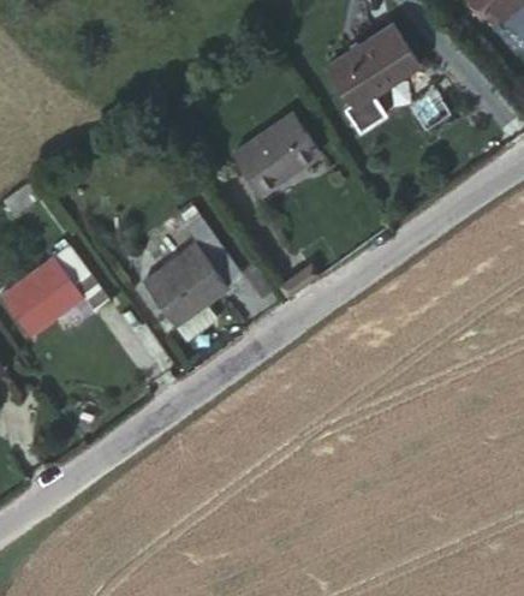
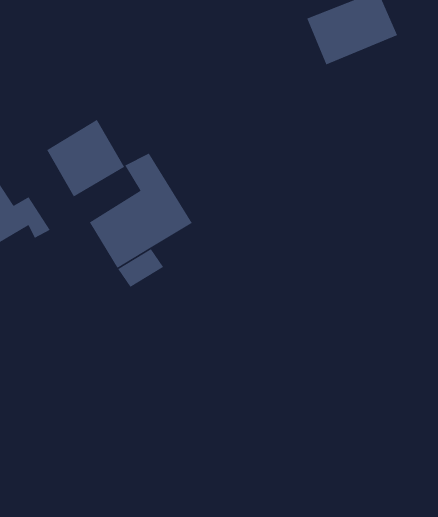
building: [227,119,311,198] -> none
building: none -> [46,119,125,197]

